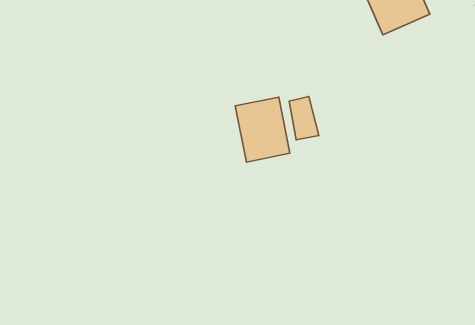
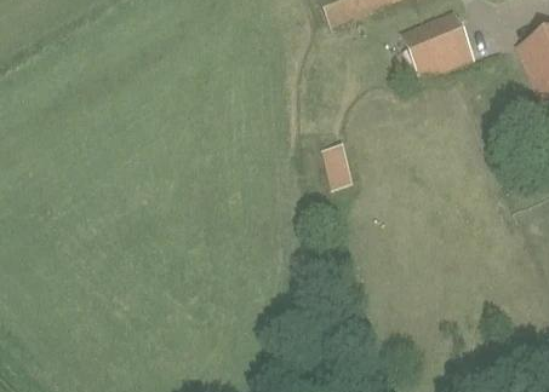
building: [235,97,290,162] -> none

